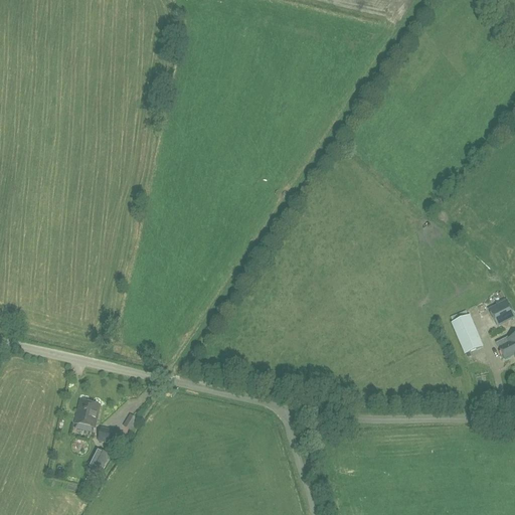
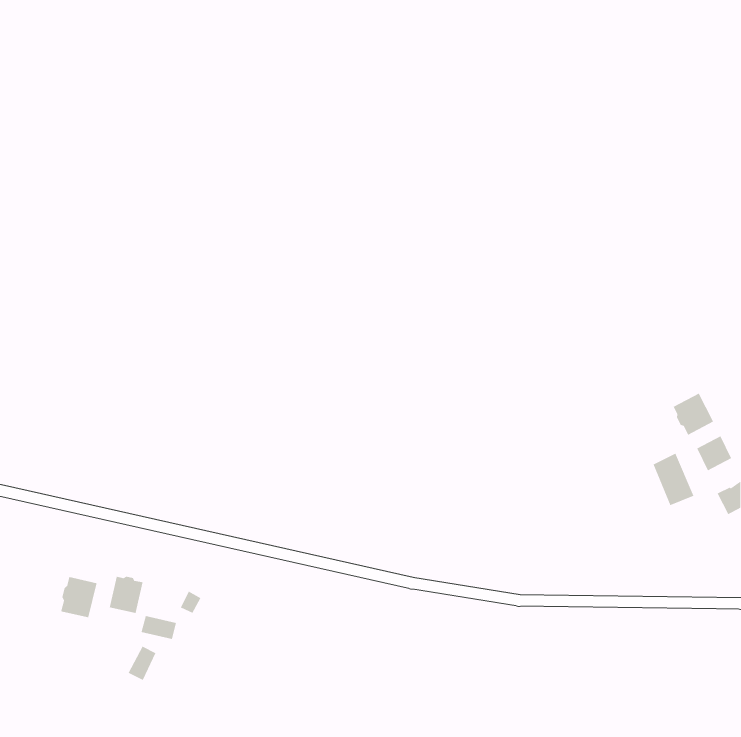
building: none -> [673,392,714,436]
building: none -> [60,576,97,618]

